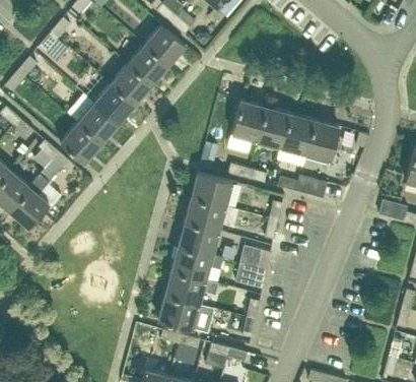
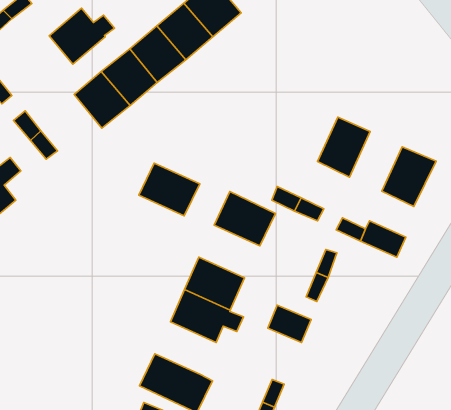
building: none -> [49,8,115,64]
building: [227,100,265,154] -> none
building: [280,113,314,153] -> none
building: [60,122,100,163] -> none
building: [184,197,225,231] -> [139,163,200,216]
building: [236,263,266,288] -> none
building: [164,270,218,304] -> none

